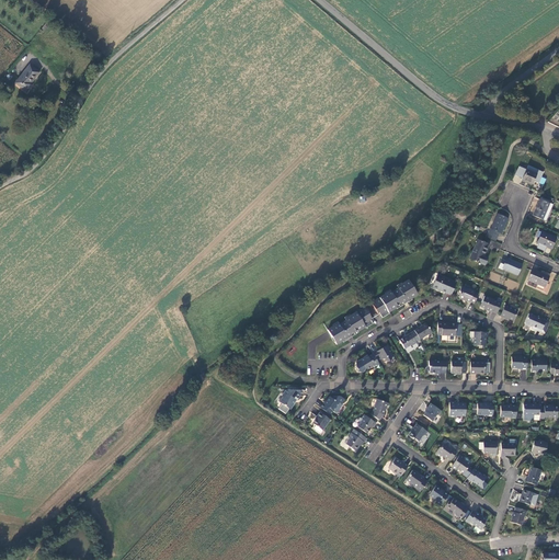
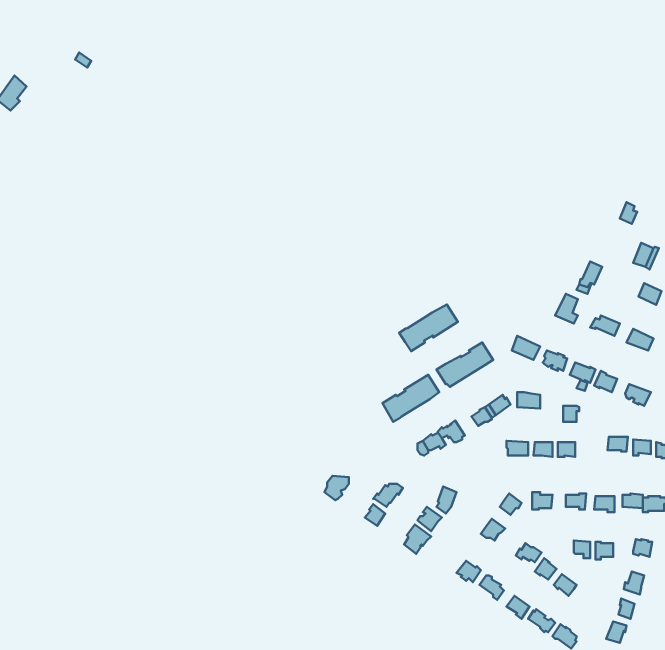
building: none -> [399,305,458,351]

